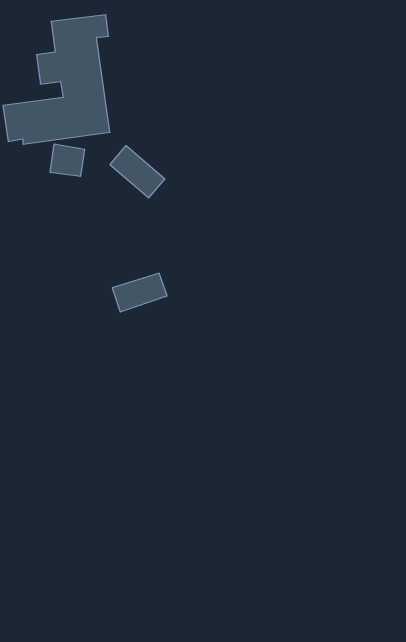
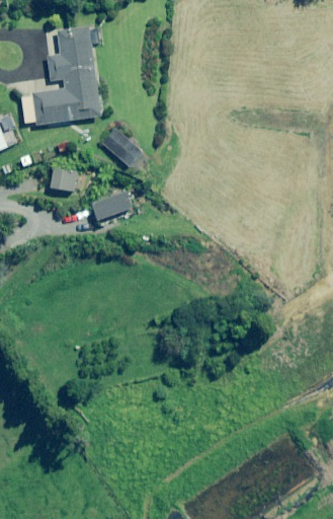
building: [50,144,85,176] -> [50,167,76,192]
building: [112,273,167,312] -> [90,192,132,221]

